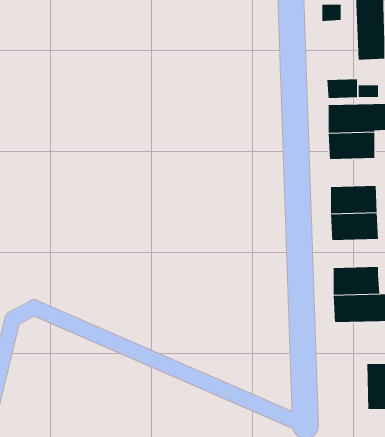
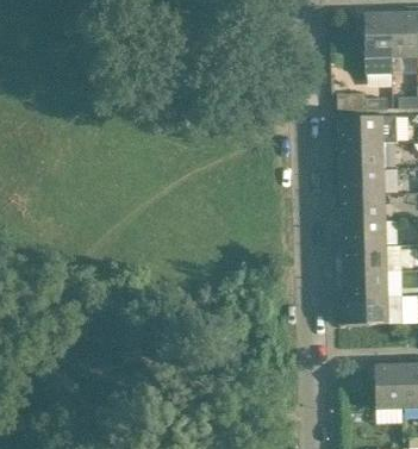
building: none -> [341,168,386,195]
building: none -> [343,245,388,273]

